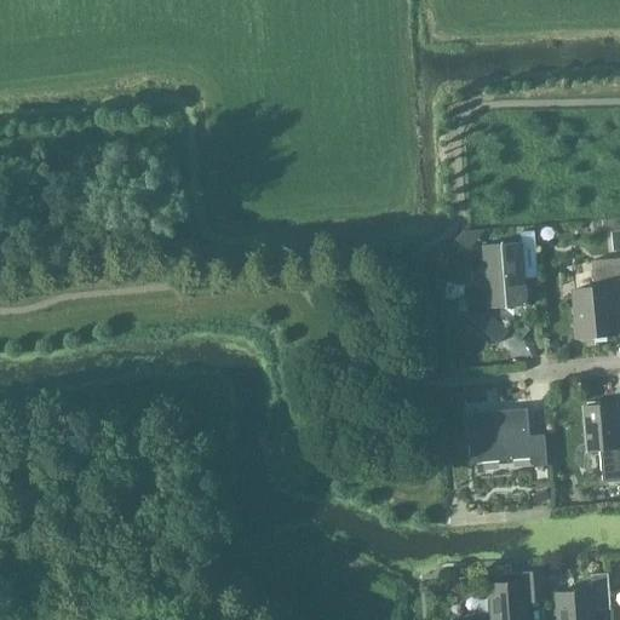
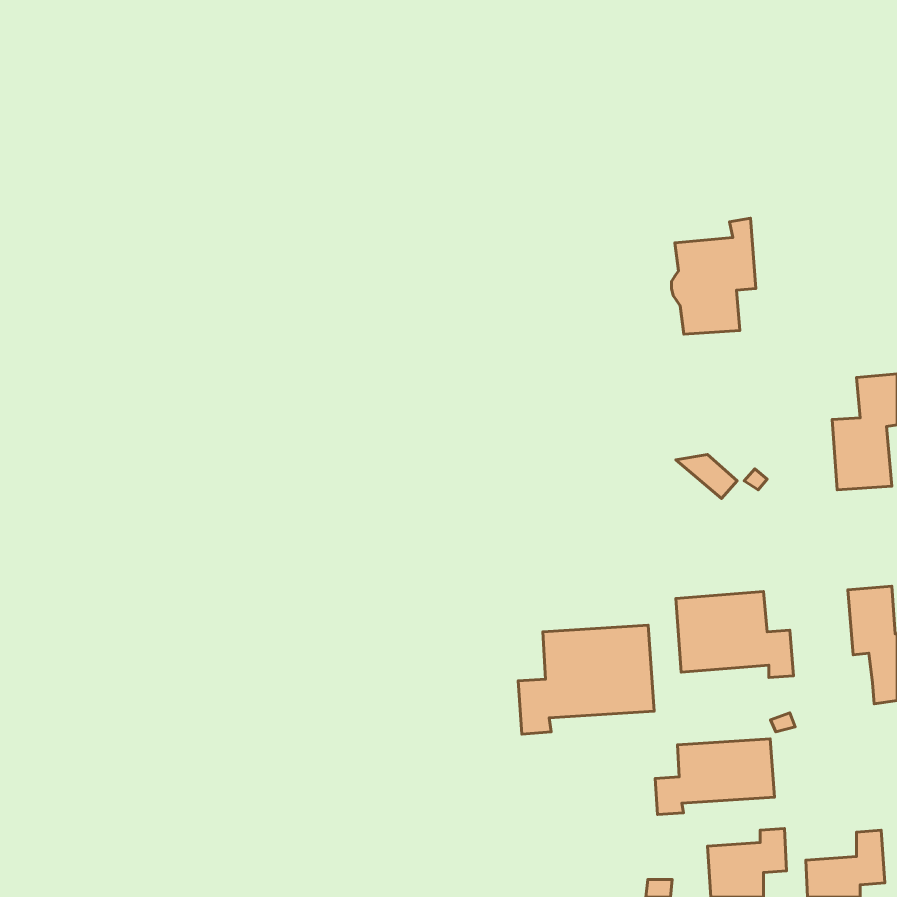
building: [480,229,538,309] -> [671,218,756,334]
building: none -> [518,625,654,734]
building: none -> [655,739,774,815]

